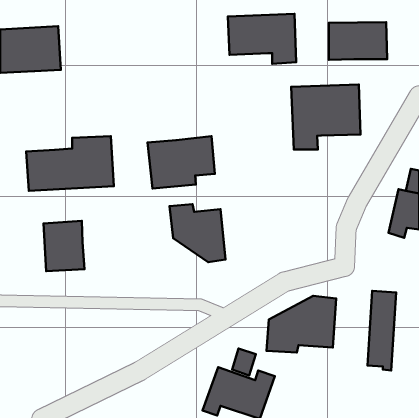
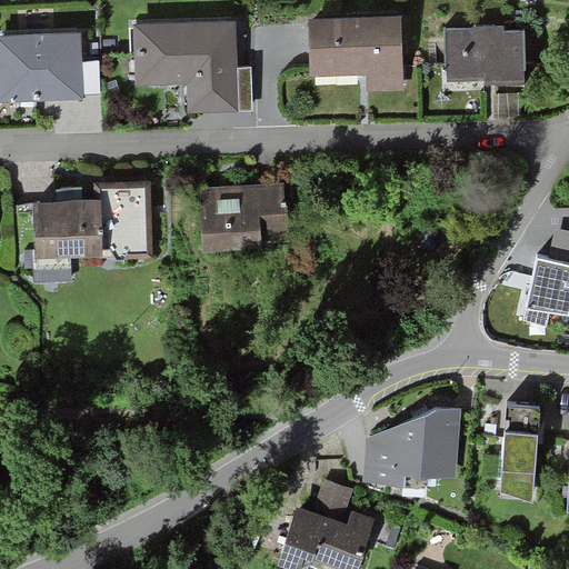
building: none -> [133,27,241,110]
building: [291,84,360,150] -> none
building: [170,204,226,262] -> none
building: [44,221,84,271] -> none

